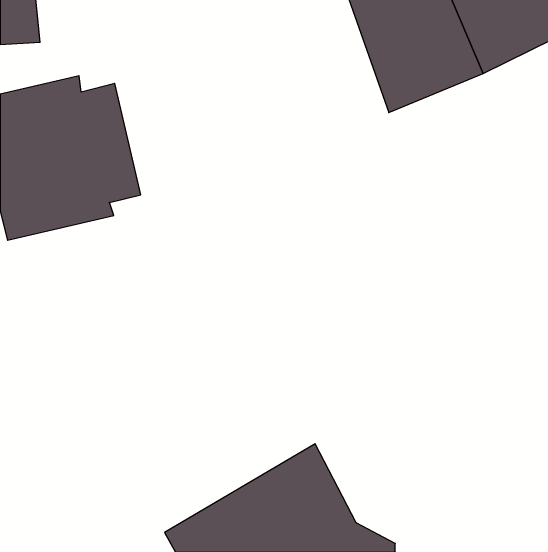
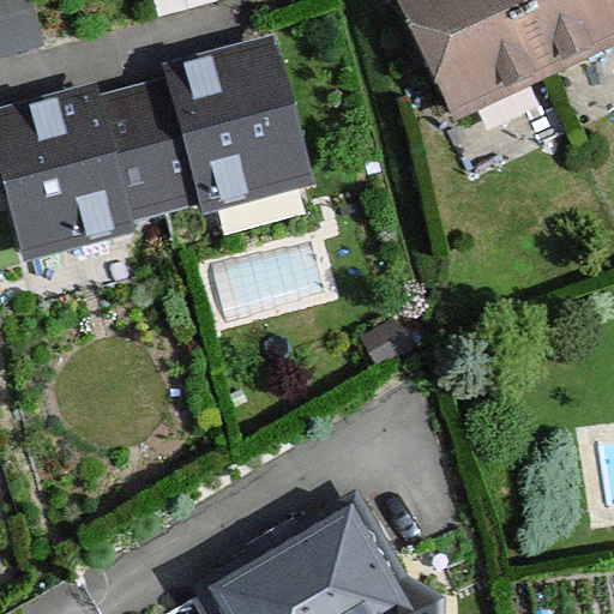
building: none -> [133,40,319,217]

